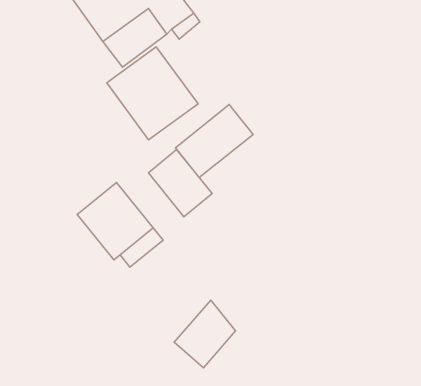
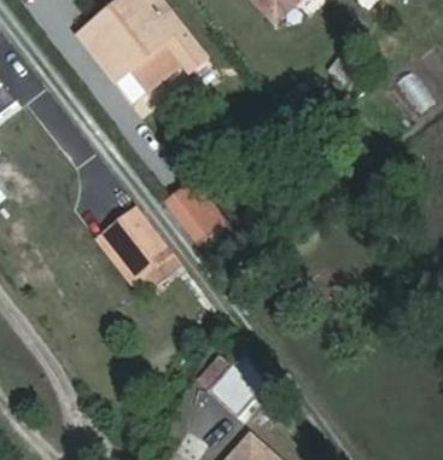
building: [107,47,198,140] -> none
building: [175,105,253,178] -> none

